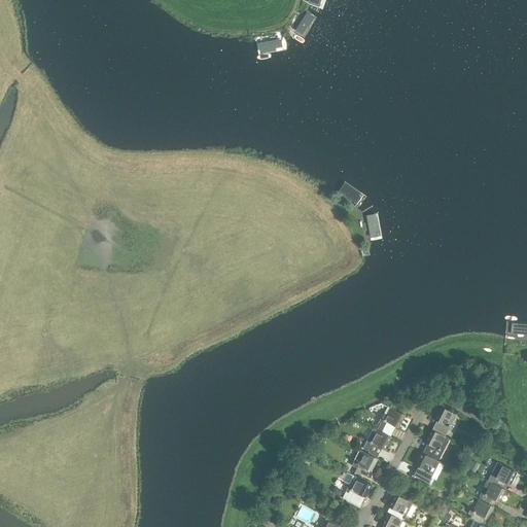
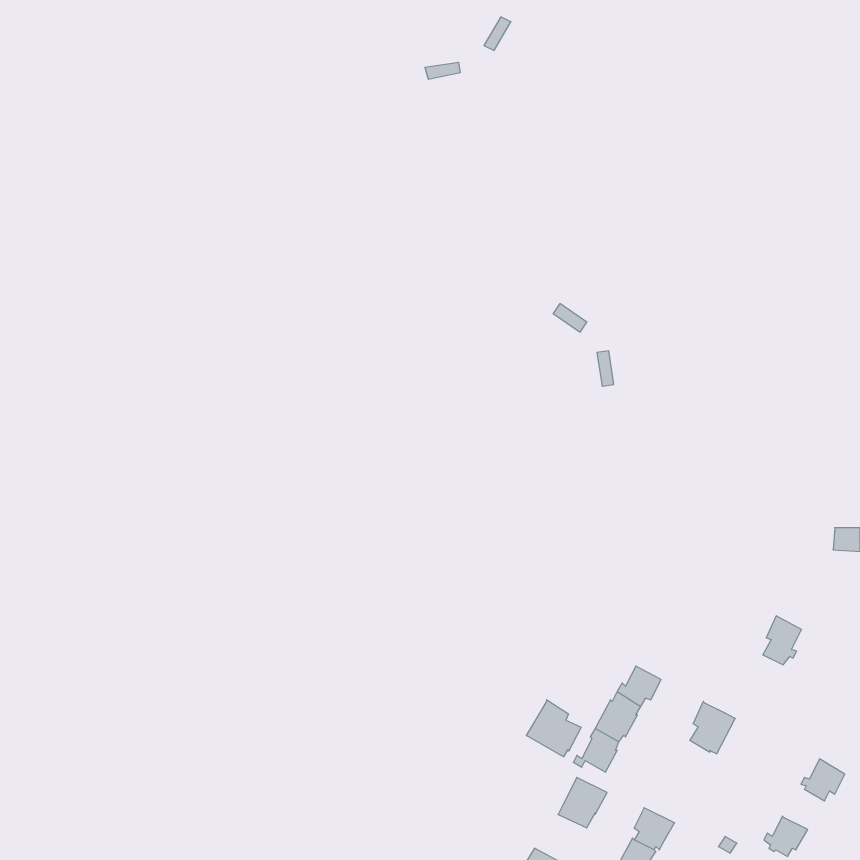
building: [430,407,454,436] -> [763,616,802,665]
building: none -> [526,700,581,757]
building: [413,453,438,485] -> none
building: [478,481,504,506] -> none

